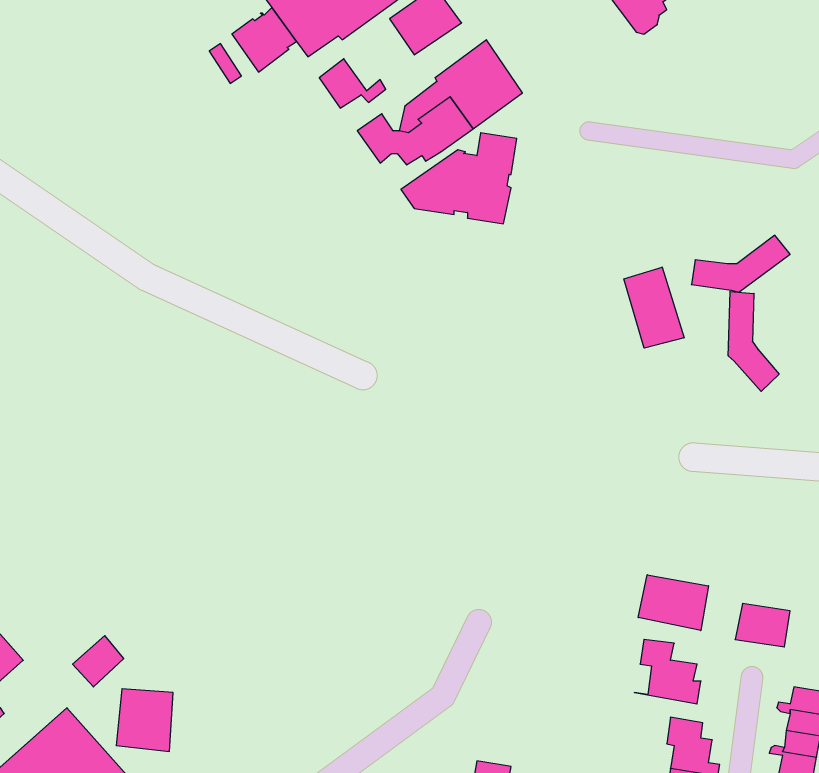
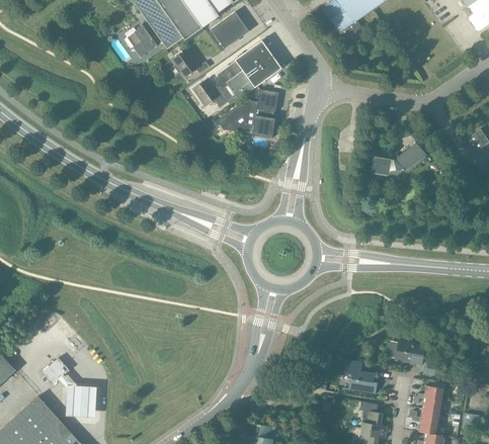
building: [624,267,684,348] -> none
building: [728,291,779,391] -> none
building: [638,575,708,631] -> none

